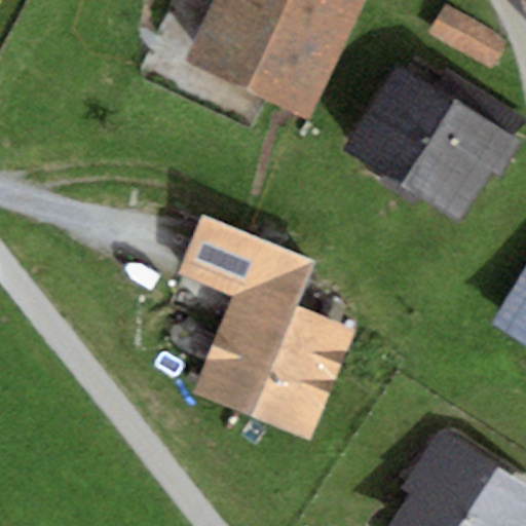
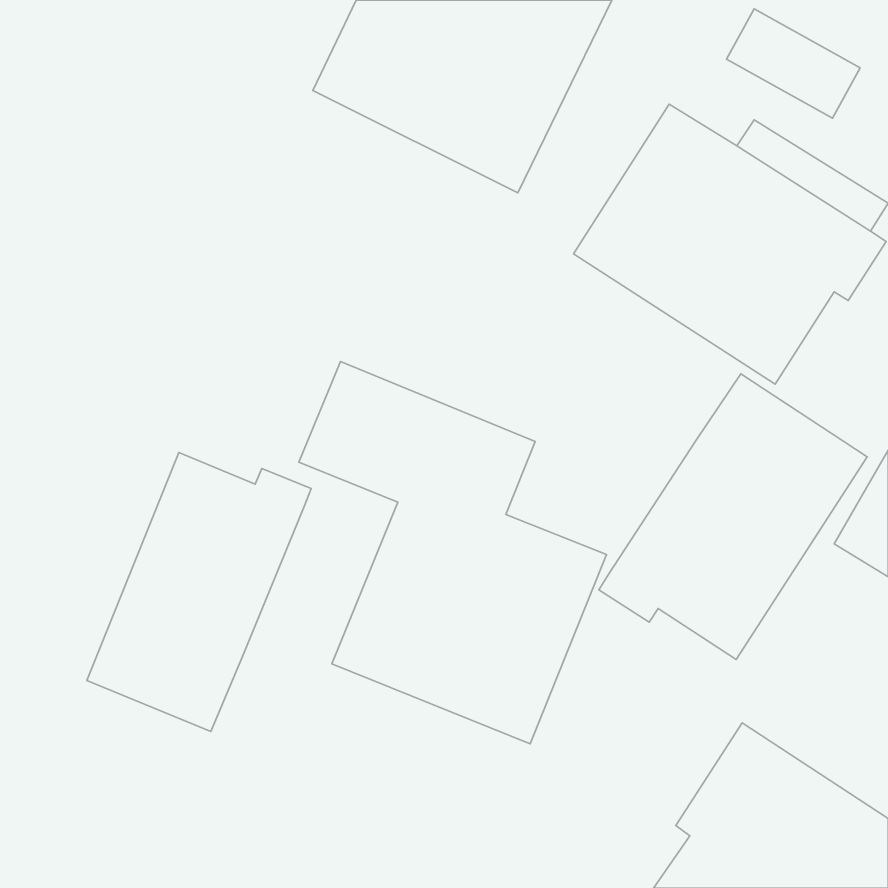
building: none -> [599,374,867,659]
building: none -> [87,453,311,731]

